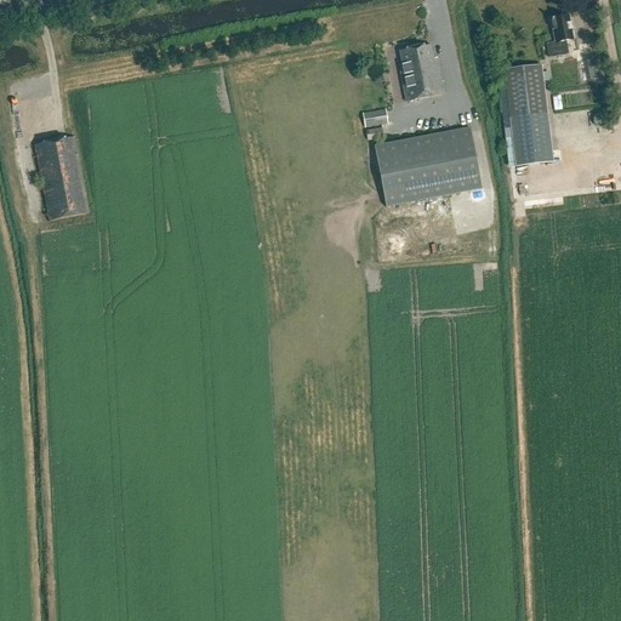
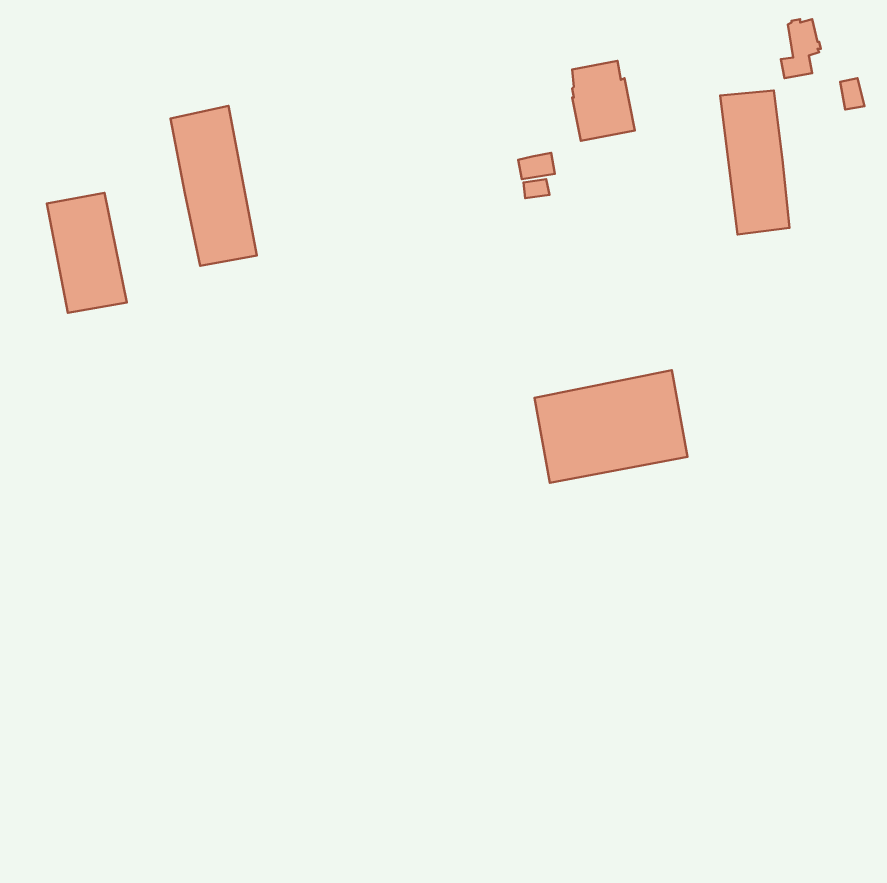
building: none -> [171,106,257,266]
building: [374,125,480,204] -> [534,370,687,483]

